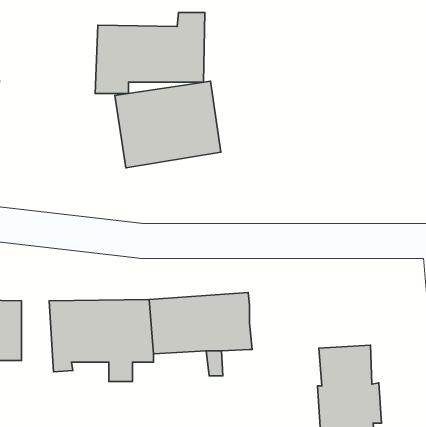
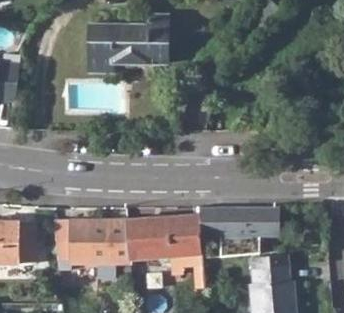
building: [115,81,221,168] -> none
building: none -> [198,206,279,257]

